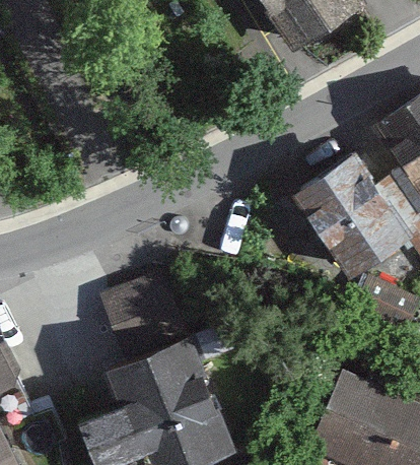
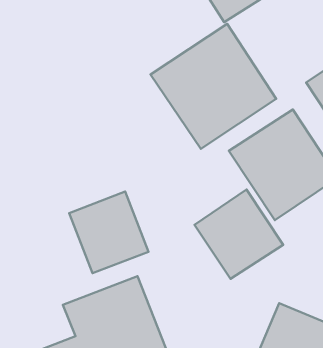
building: none -> [150,24,276,149]
building: none -> [194,190,283,279]

